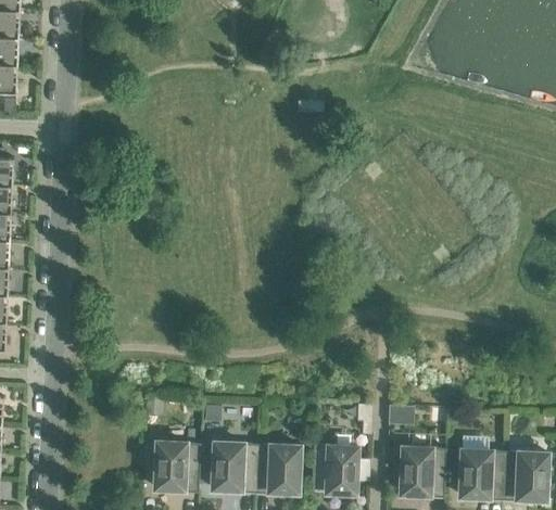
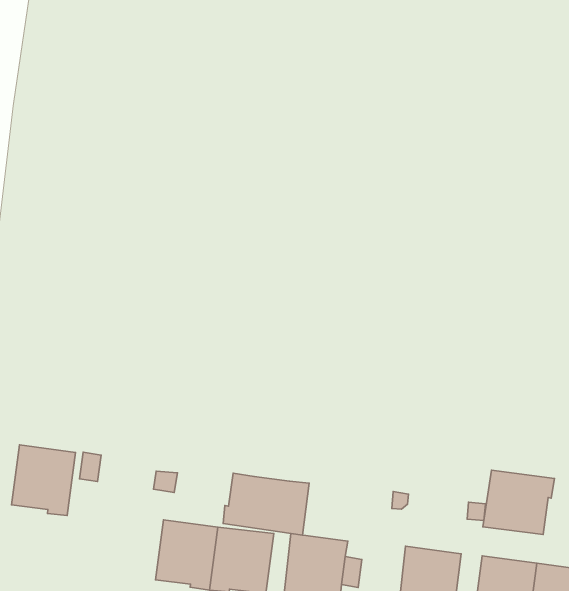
building: none -> [483,470,555,535]
building: none -> [223,473,309,535]
building: [153,442,199,493] -> [12,445,75,515]

